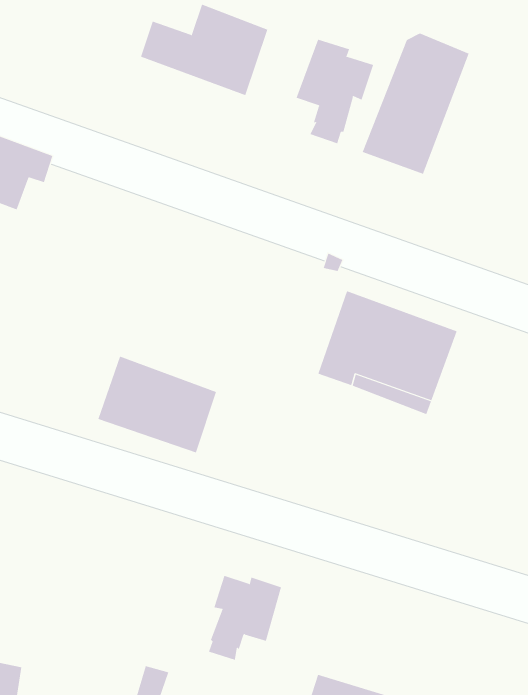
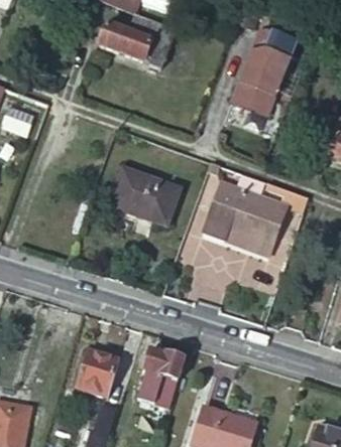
building: [296,39,374,144] -> none
building: [97,356,217,453] -> [108,168,179,226]
building: none -> [80,346,121,390]

